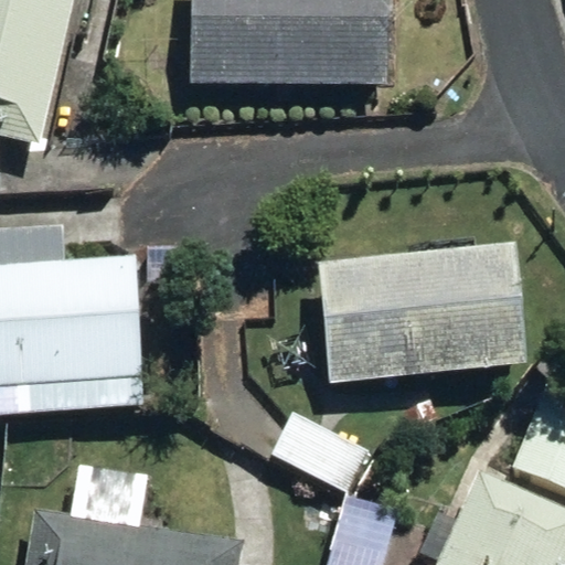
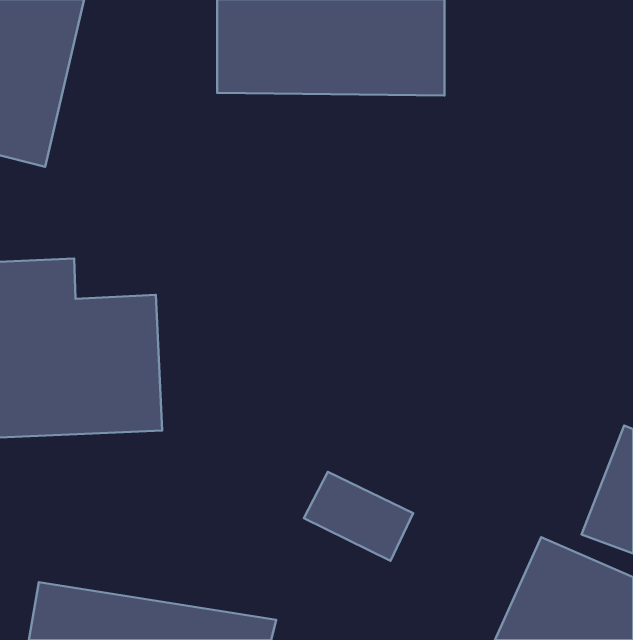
building: [319,245,527,382] -> none

